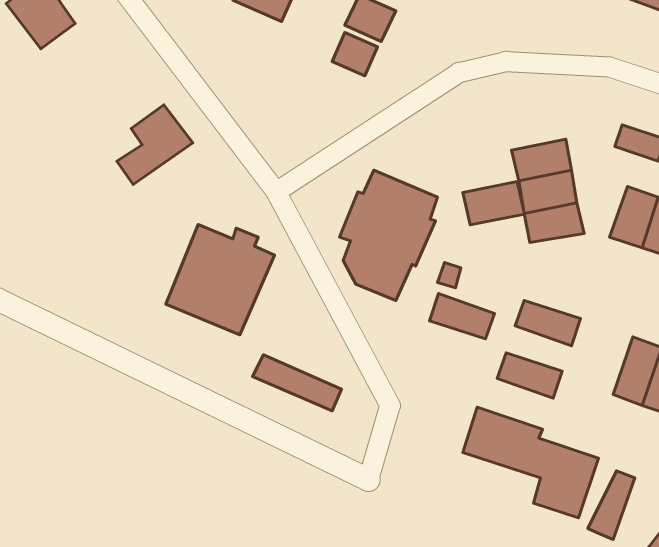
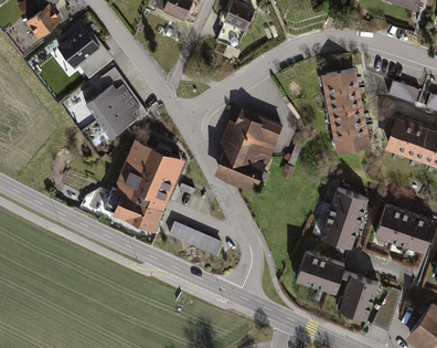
building: none -> [60,28,109,75]
building: none -> [95,92,146,138]
building: [463,182,524,225] -> [321,70,359,96]
building: [429,294,495,339] -> [322,203,362,231]
building: none -> [105,189,160,229]
building: none -> [370,204,399,245]

